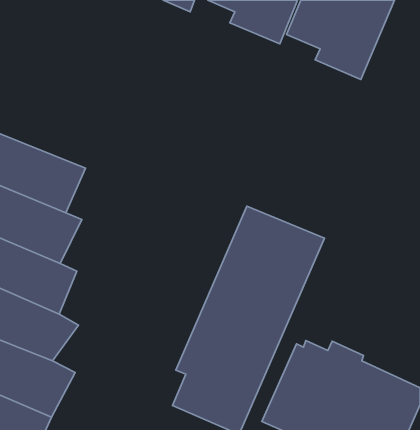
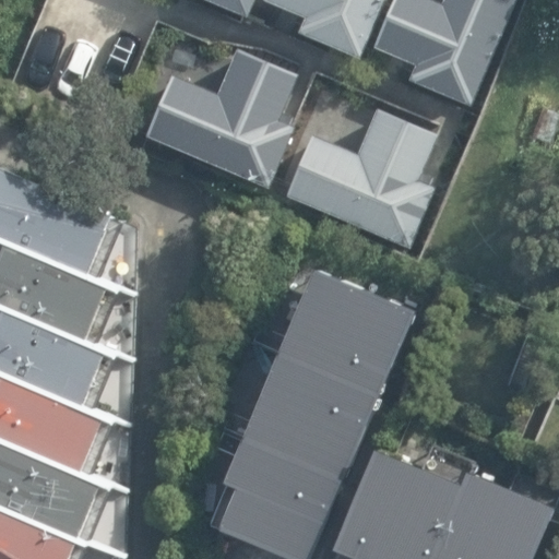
building: none -> [145,48,298,189]
building: none -> [282,109,436,250]

